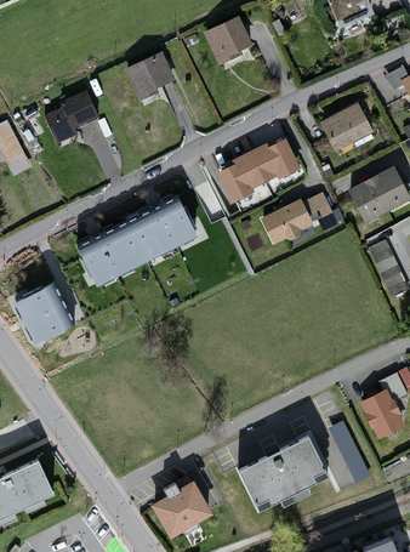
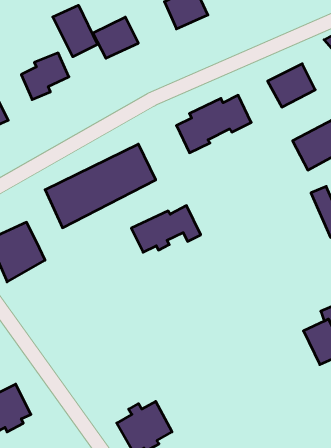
building: none -> [53,5,97,57]
building: [258,192,336,244] -> [131,206,201,252]
building: [324,419,366,482] -> none
building: [235,433,332,516] -> none

